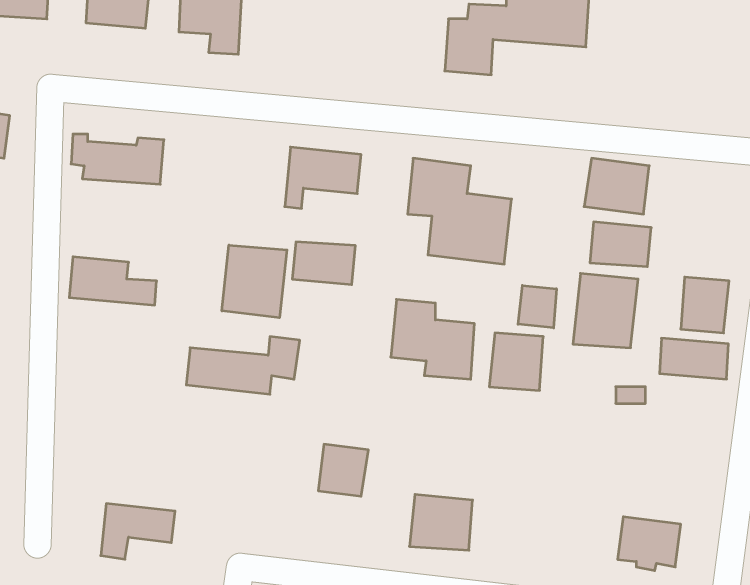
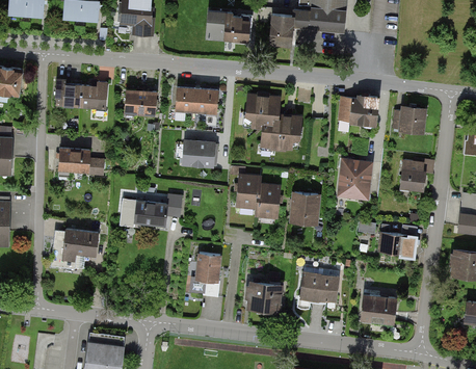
building: none -> [207,12,254,42]
building: none -> [125,89,157,114]
building: [590,222,651,267] -> [392,106,426,131]
building: [222,245,287,318] -> none
building: [518,285,556,328] -> none
building: [660,338,728,379] -> [378,234,417,257]
building: none -> [299,273,340,301]
building: [101,504,175,559] -> [59,232,101,263]

